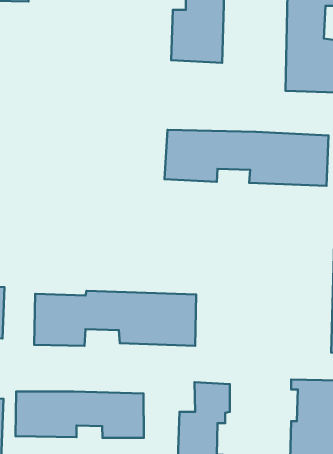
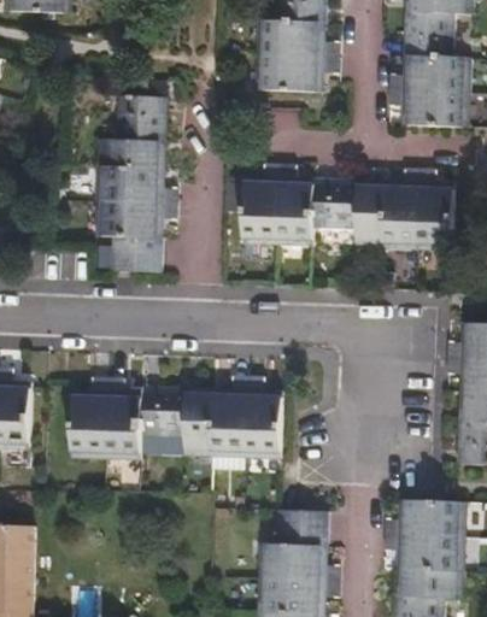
building: none -> [94,94,164,270]
building: [15,391,144,438] -> none

